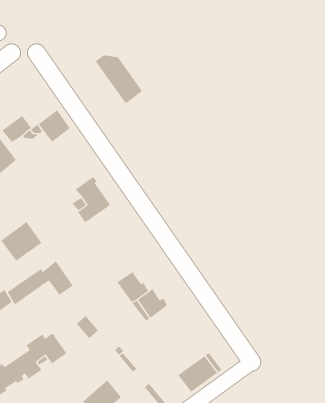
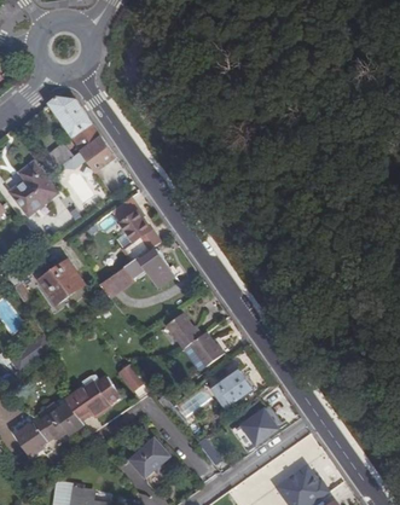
building: [95,55,143,104] -> [48,95,102,150]
building: [7,261,74,305] -> [100,248,174,297]
building: none -> [209,368,253,410]

